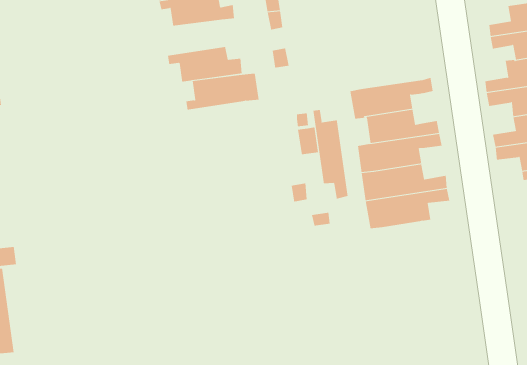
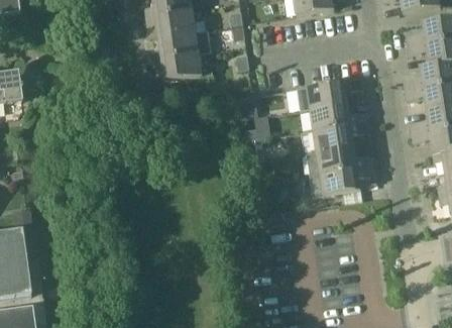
building: [186,73,259,110] -> [151,30,210,60]
building: [313,109,348,200] -> none

